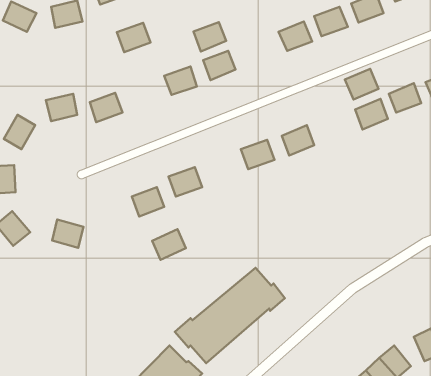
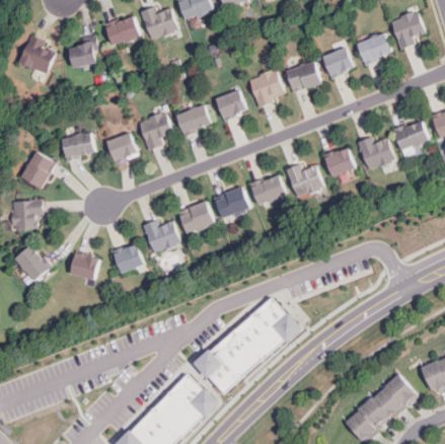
building: [194,22,226,51] -> [251,74,283,102]
building: [117,23,150,52] -> [140,116,172,144]
building: [345,69,379,99] -> [324,148,357,177]
building: none -> [216,188,247,216]
building: [152,229,186,260] -> [114,243,146,273]

